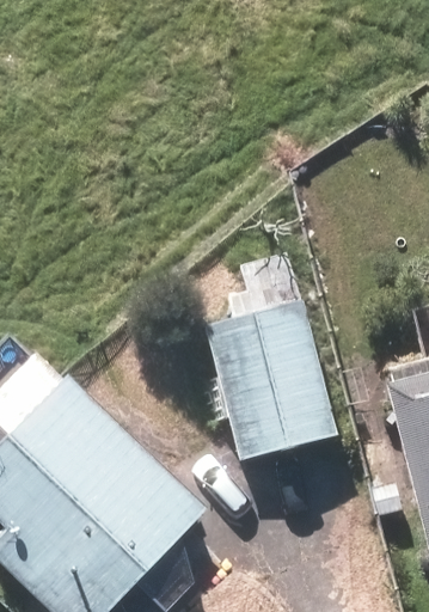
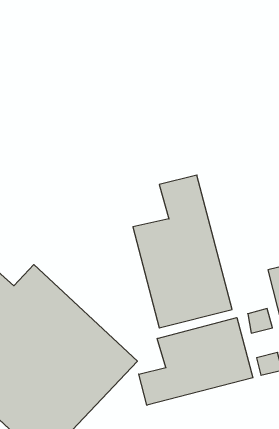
building: none -> [139,318,253,405]

